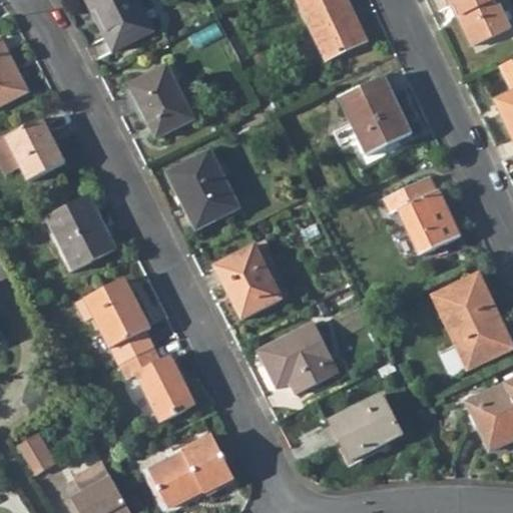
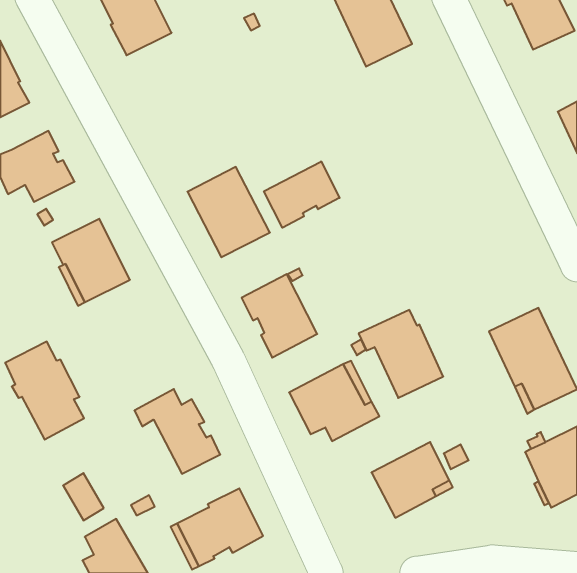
building: [127,64,193,137] -> none
building: [339,75,412,155] -> none
building: none -> [264,161,340,228]
building: [385,176,460,254] -> [359,310,443,398]
building: [84,278,154,365] -> [5,342,84,440]
building: [20,432,56,474] -> [63,473,104,520]

